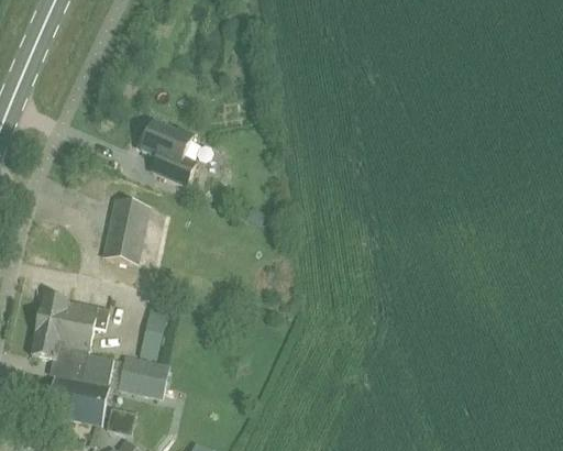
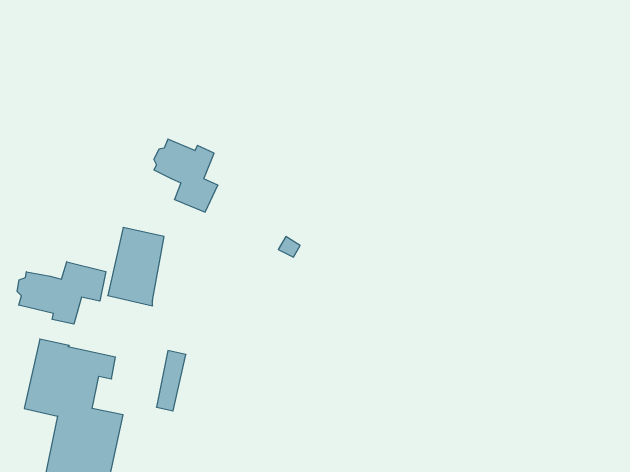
building: none -> [17,262,106,324]
building: [119,358,161,396] -> none

